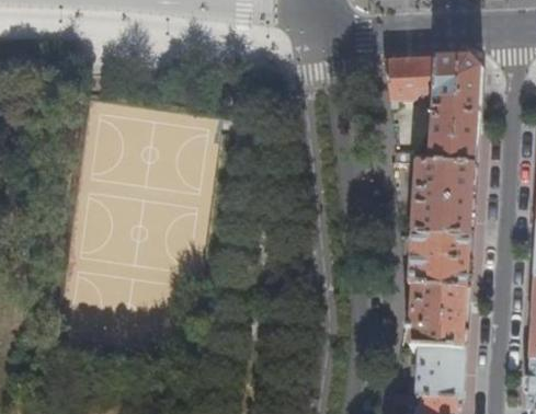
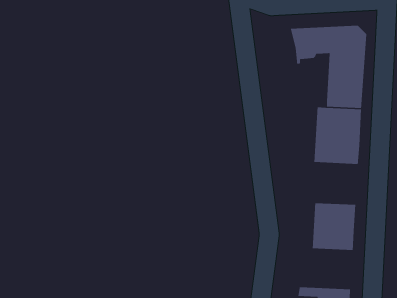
building: [410,232,470,286] -> none
building: [411,344,464,395] -> none

